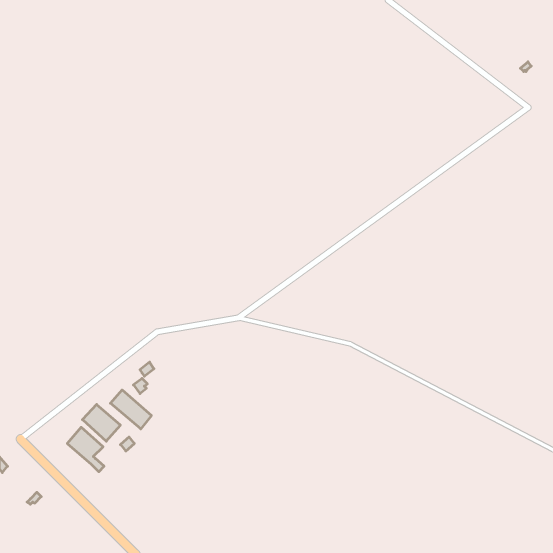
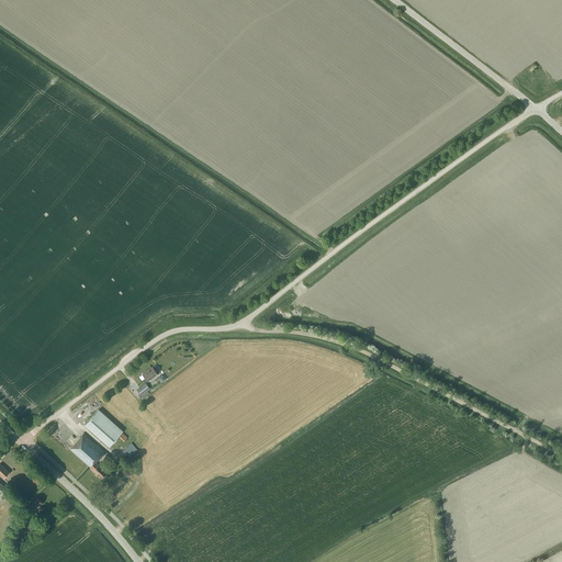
building: [110,390,151,429] -> none

